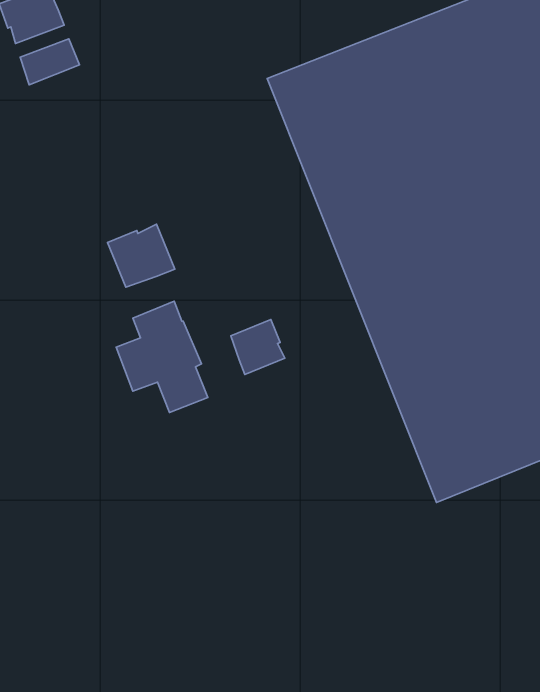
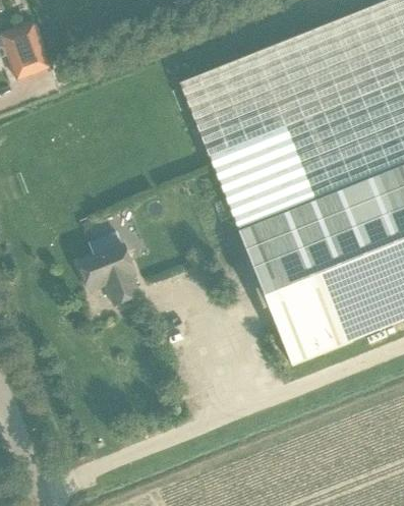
building: [108,224,175,287] -> none
building: [231,320,285,374] -> none

